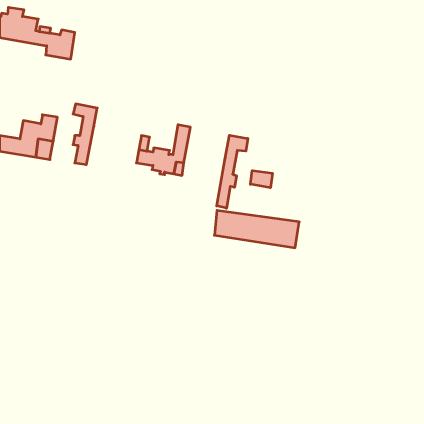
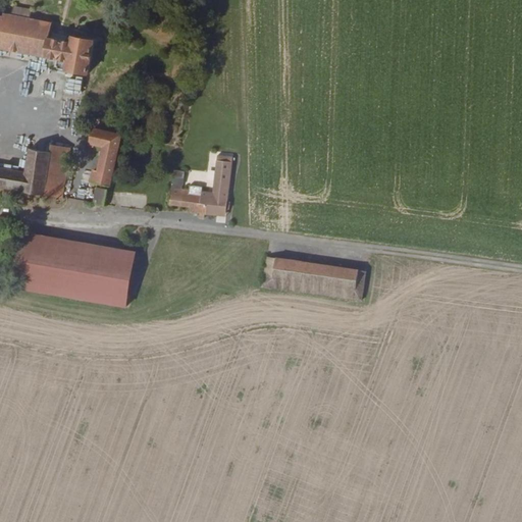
building: [217,135,248,208] -> none
building: [250,171,272,188] -> none
building: none -> [8,231,135,308]

